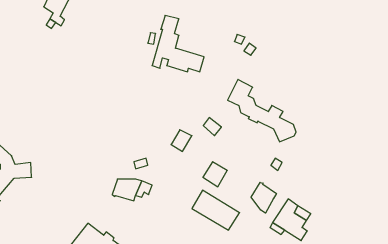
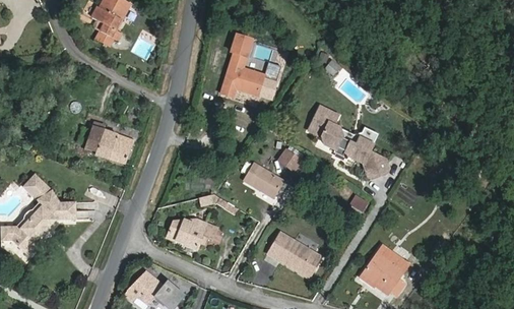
building: none -> [86,121,134,164]
building: [203,162,227,187] -> [255,170,283,199]
building: [251,182,276,213] -> none

